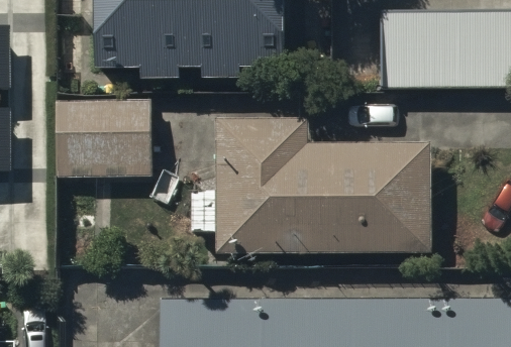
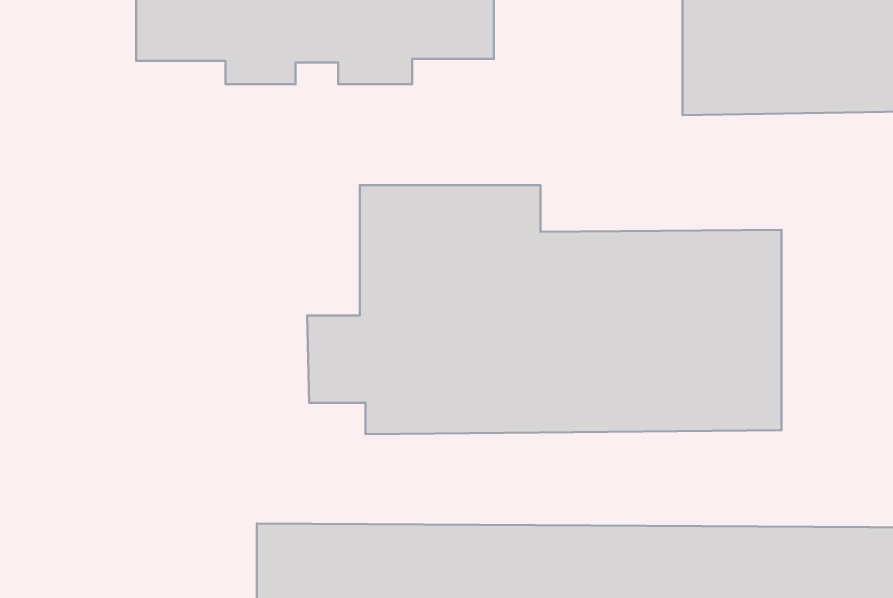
building: [57,100,148,178] -> none

